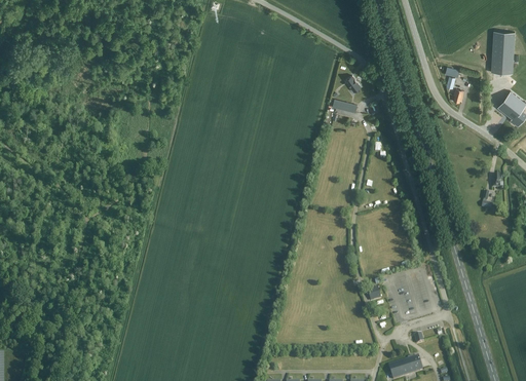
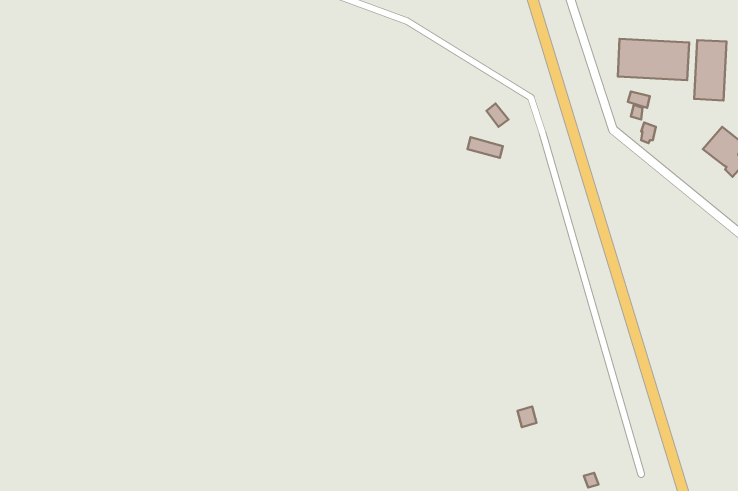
building: none -> [618,39,689,80]

